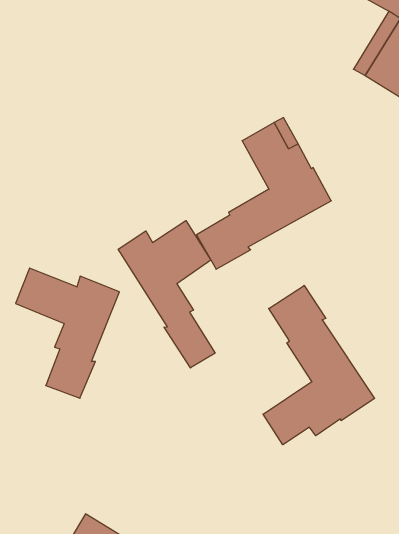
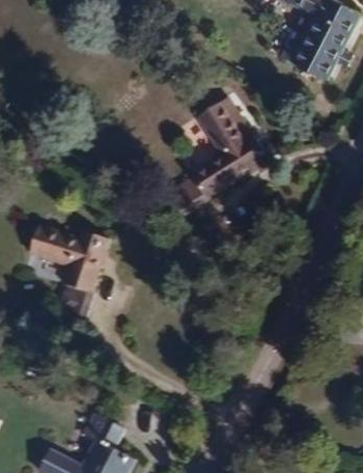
building: [118,221,215,368] -> none
building: [263,285,375,445] -> none

